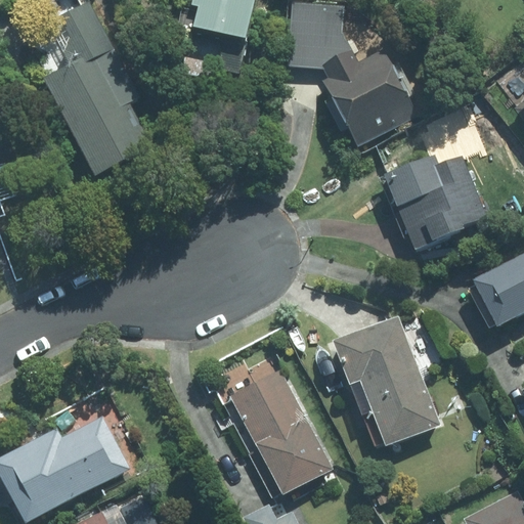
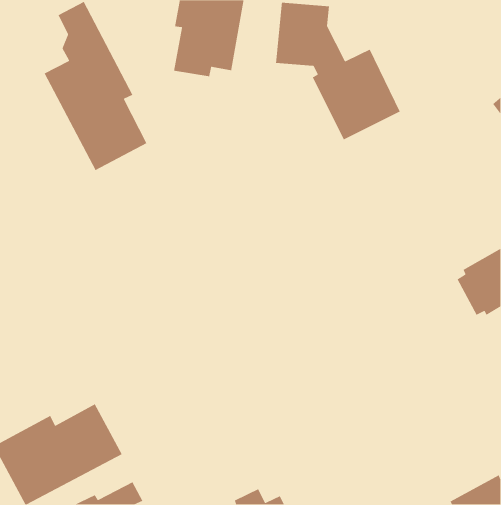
building: [384,152,485,251] -> none
building: [333,315,438,446] -> none
building: [228,372,332,498] -> none

